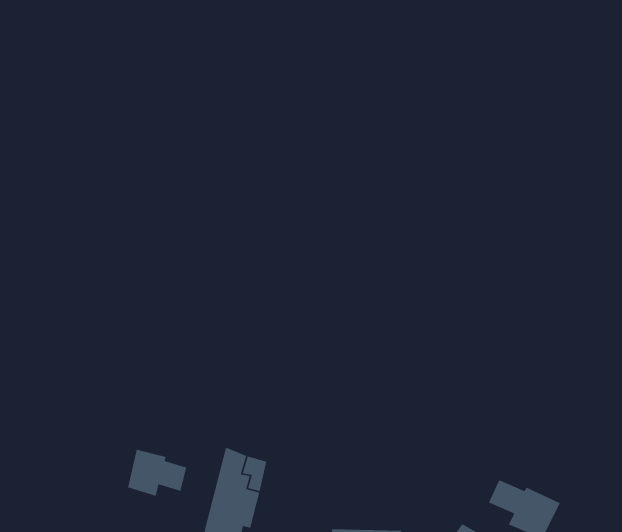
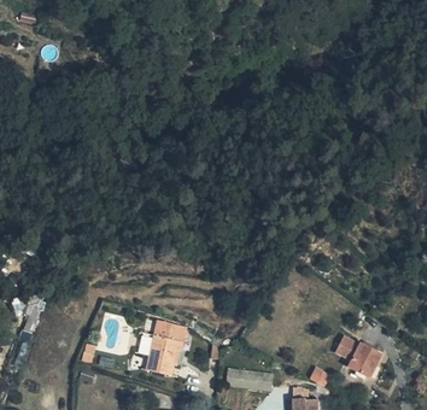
building: [127,449,187,497] -> none

